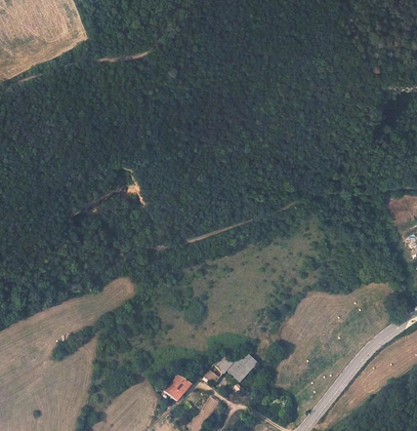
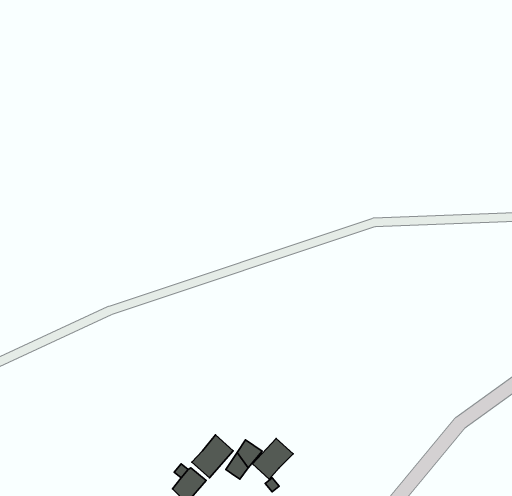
building: none -> [192,435,233,478]

